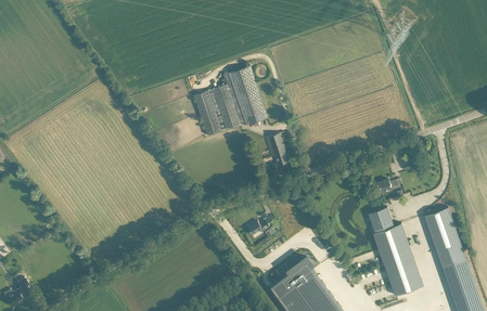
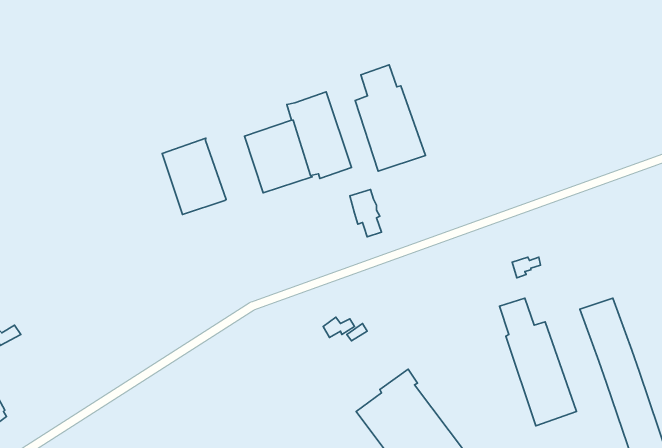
building: none -> [355,65,425,171]
building: none -> [162,138,226,215]

